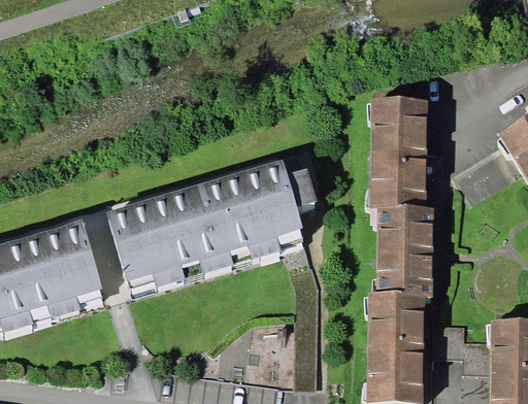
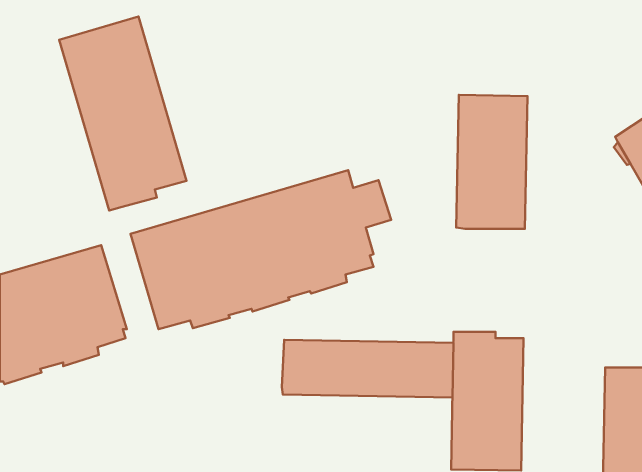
building: none -> [59,17,187,210]
building: [377,206,433,295] -> none
building: none -> [282,340,453,398]

